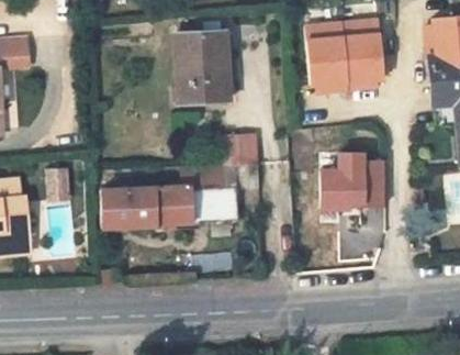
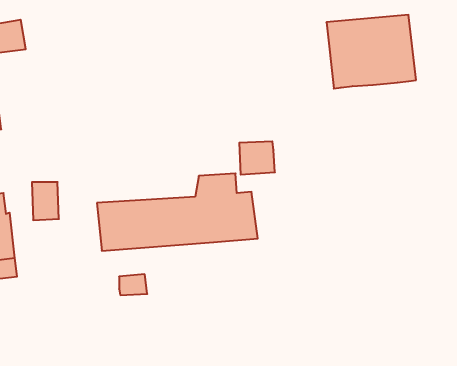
building: [171,32,228,106] -> none
building: [323,155,382,210] -> none

